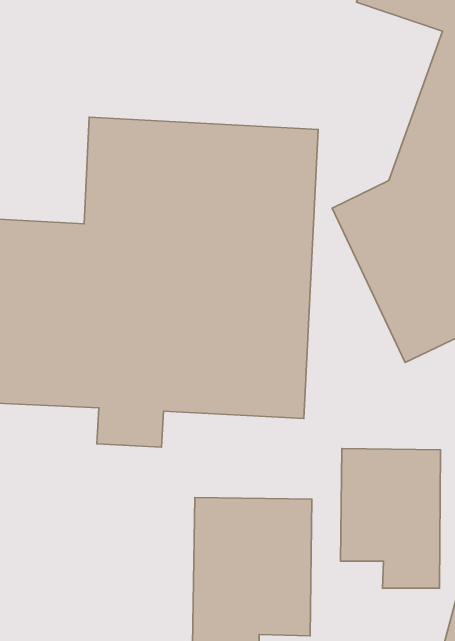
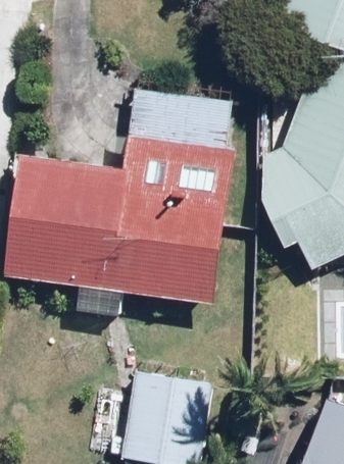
building: [340,449,441,588] -> none

